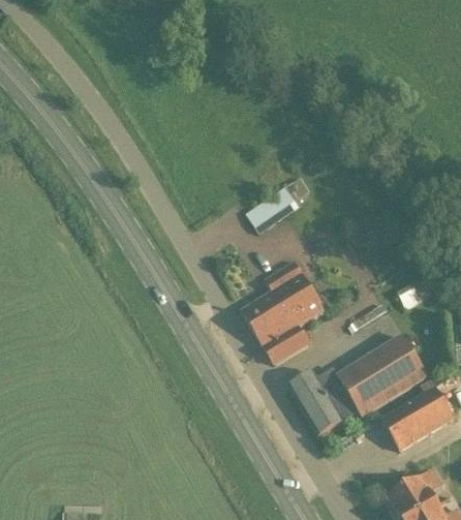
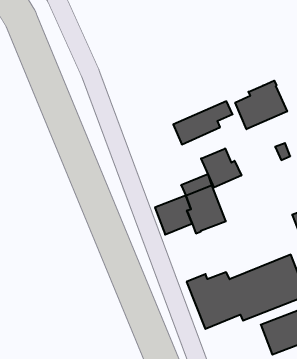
building: none -> [235,81,287,129]
building: none -> [201,148,241,187]
building: [258,319,308,363] -> none

